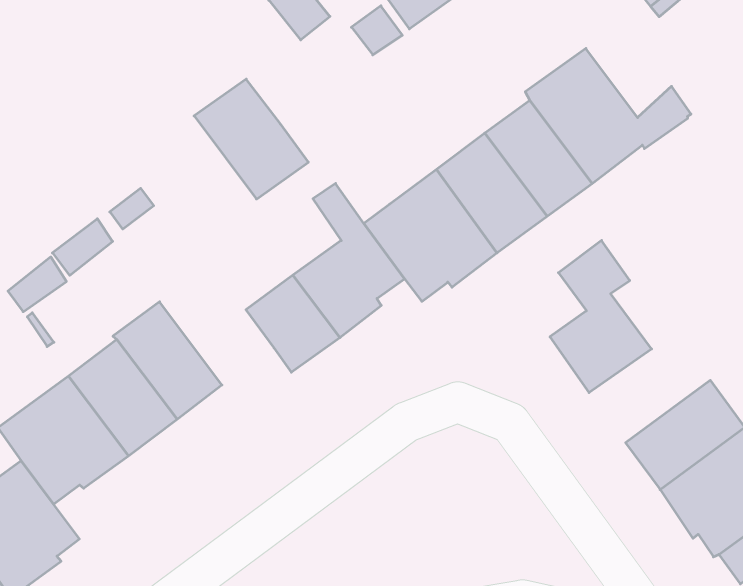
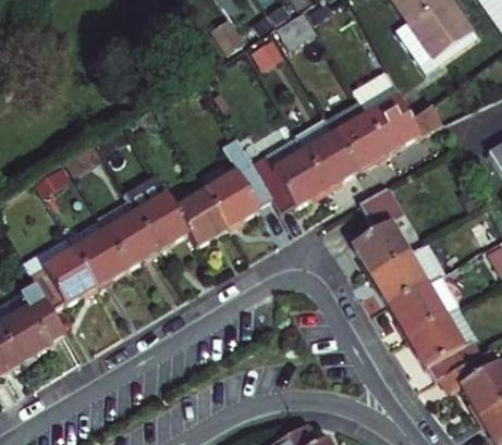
building: [194,79,308,199] -> [126,181,191,251]
building: none -> [372,246,449,309]

